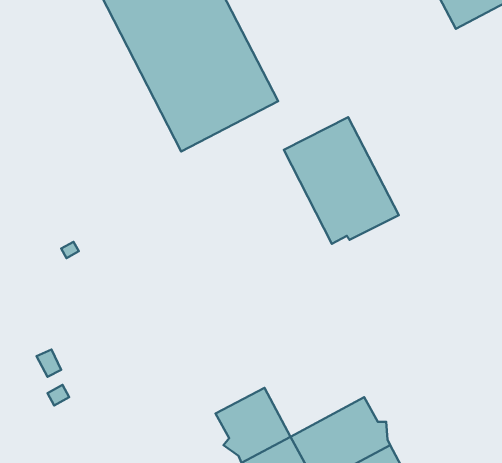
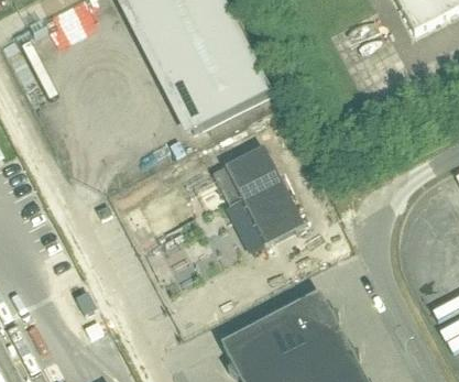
building: [284,117,399,244] -> [211,144,304,247]
building: none -> [259,288,339,360]

